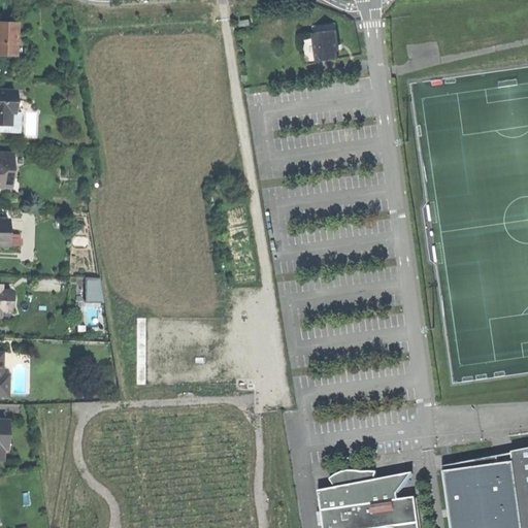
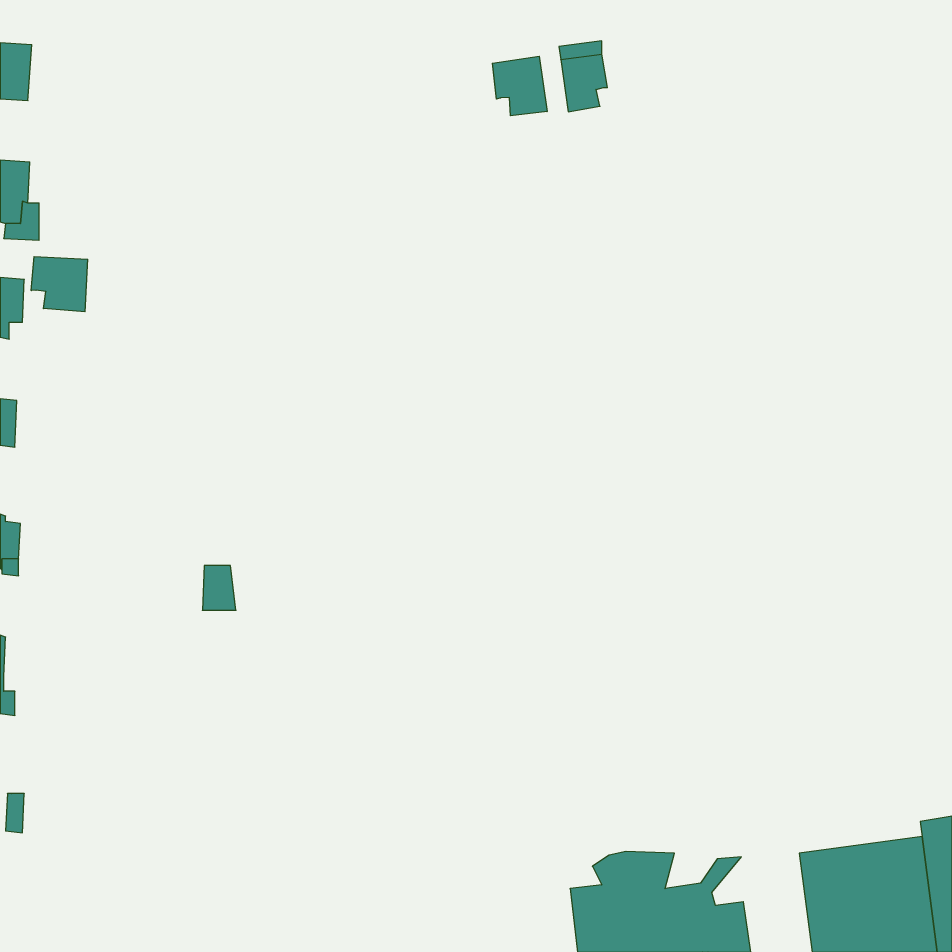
building: none -> [492,56,547,116]
building: none -> [31,257,88,312]
building: [85,277,103,302] -> [202,566,236,610]

